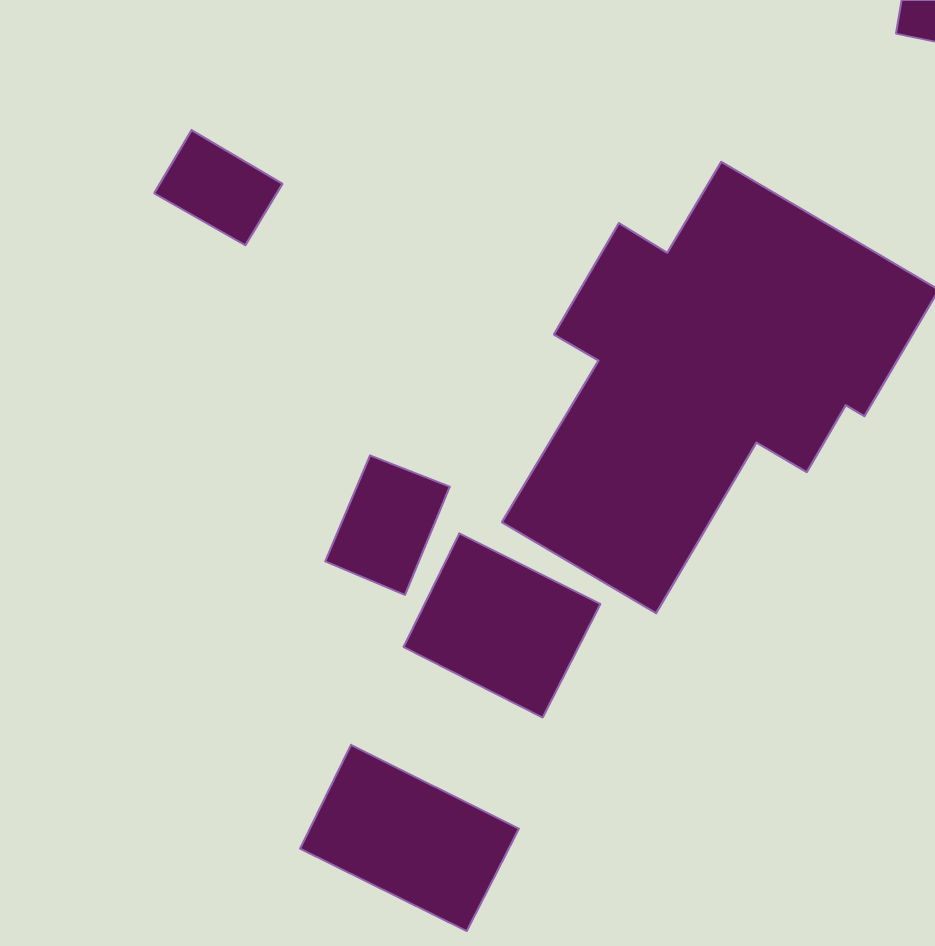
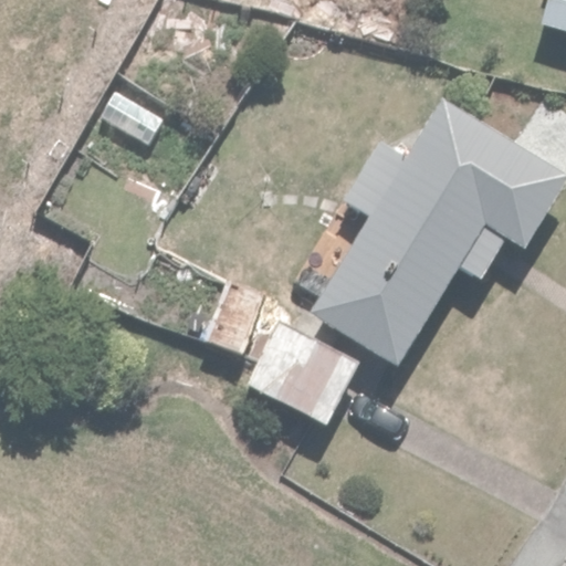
building: [300,745,519,931] -> none

